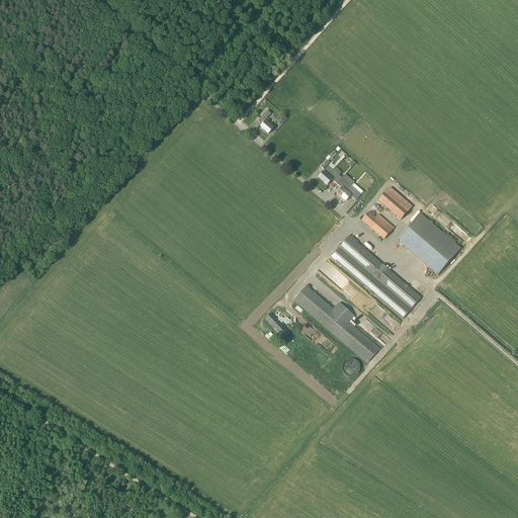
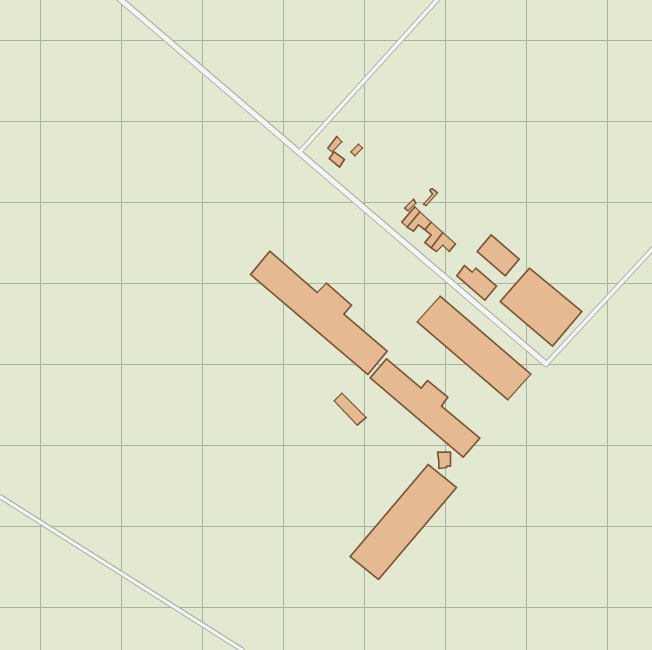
building: none -> [250,251,387,374]
building: none -> [350,465,456,579]

